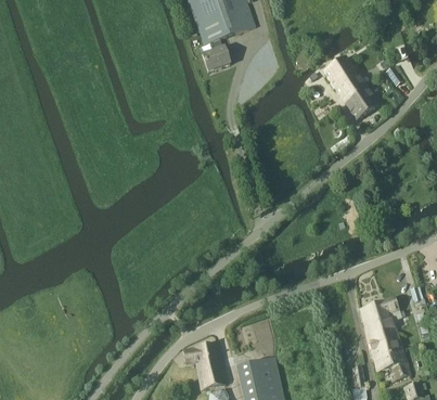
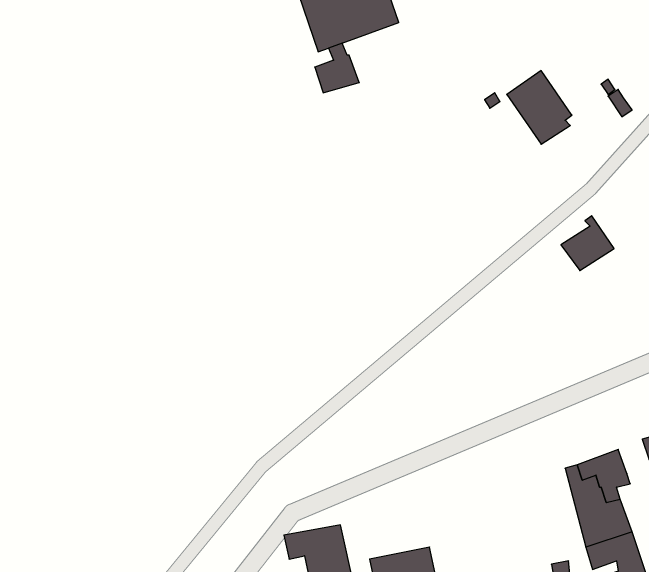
building: [346,85,380,119] -> [561,216,614,271]

